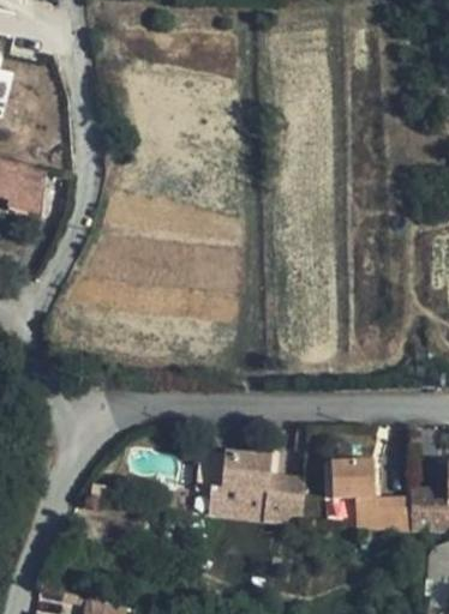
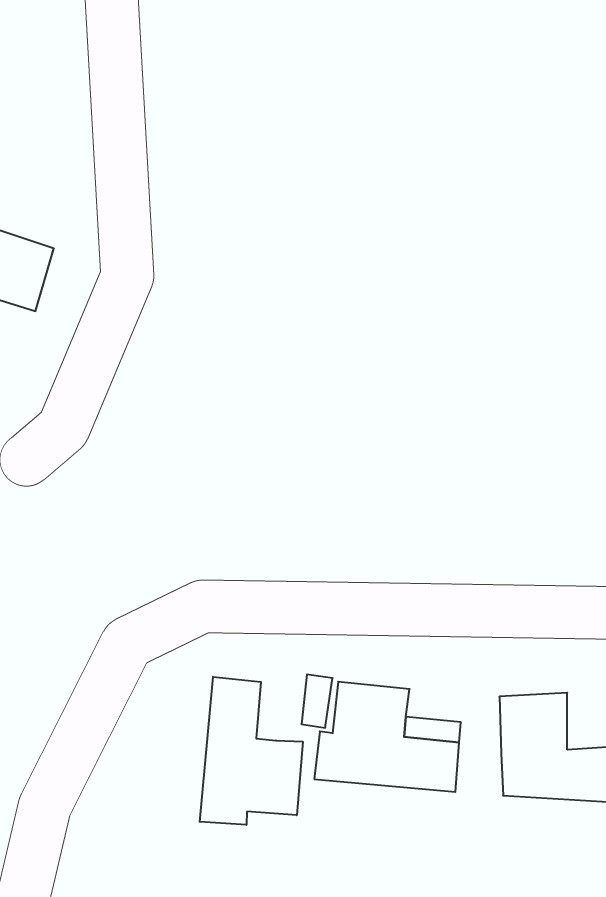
building: none -> [200,677,303,825]

